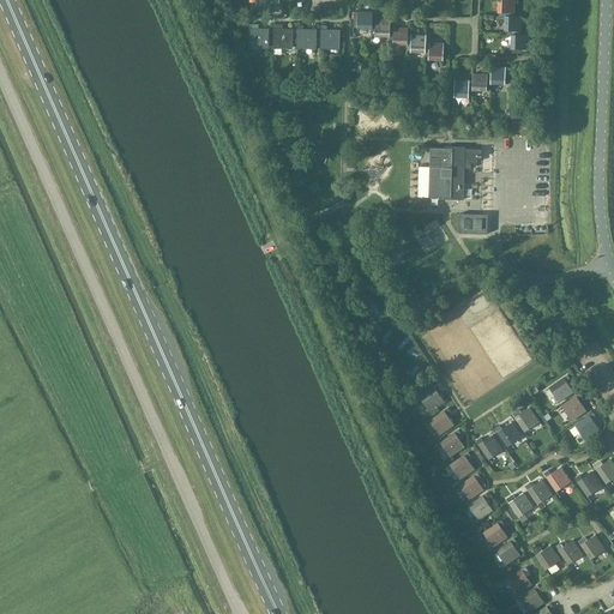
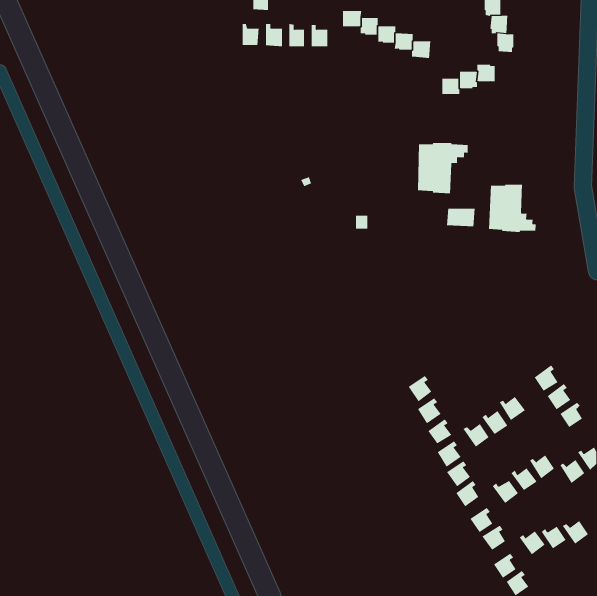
building: none -> [489,184,536,233]

